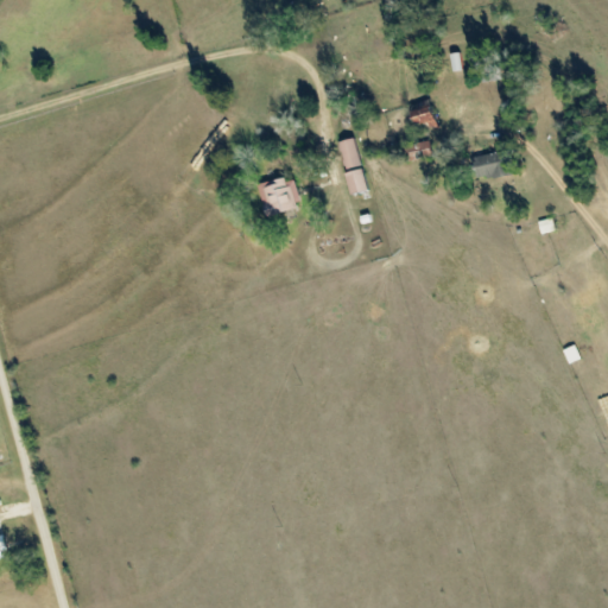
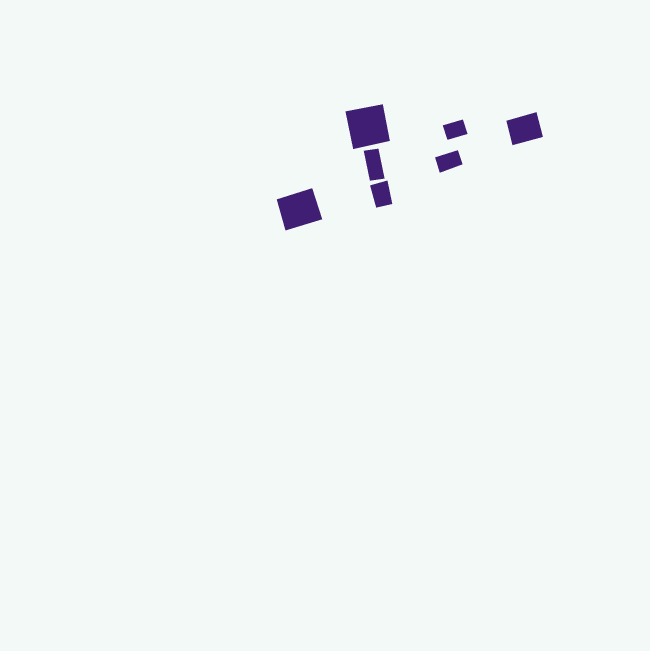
building: none -> [345,104,391,150]
building: [471,150,507,182] -> [505,112,544,146]

